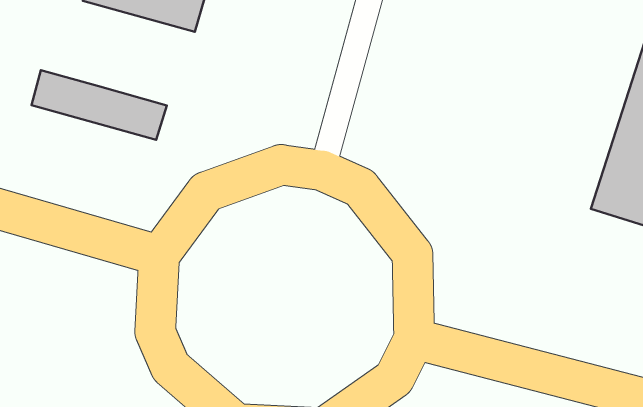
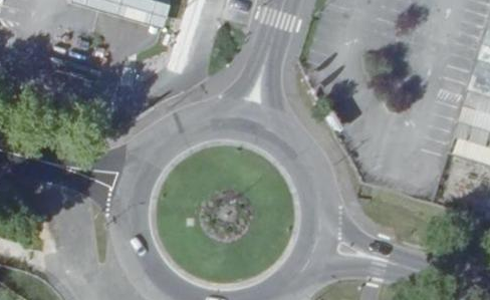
building: [32,70,167,140] -> none

